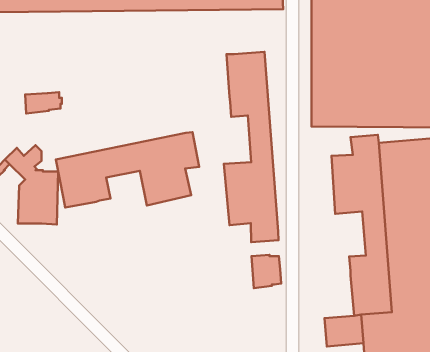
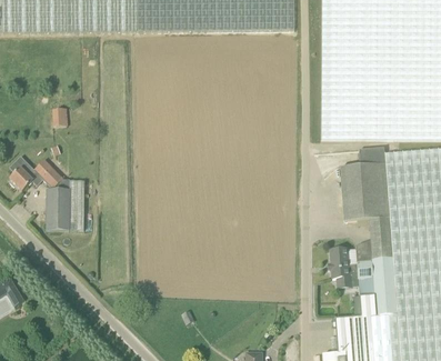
building: [224,52,278,242] -> none
building: [56,132,199,208] -> none
building: [252,255,281,288] -> [331,248,359,279]

